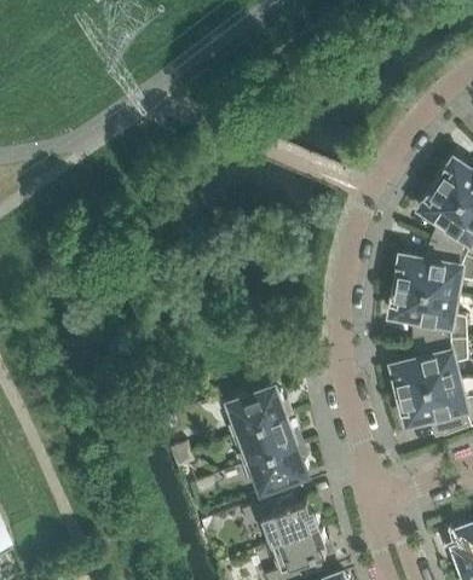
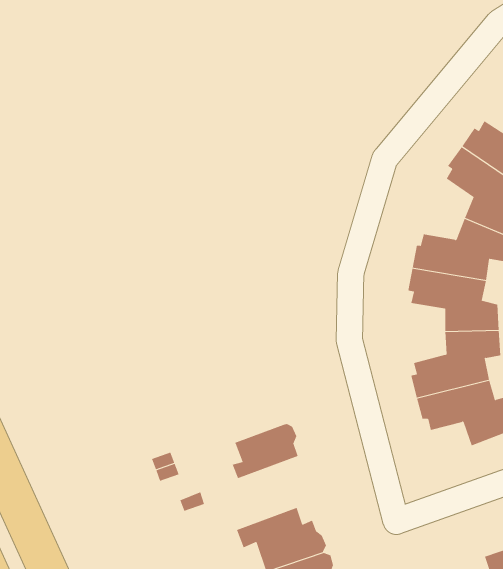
building: [227,388,284,437] -> none
building: [243,446,308,492] -> none

